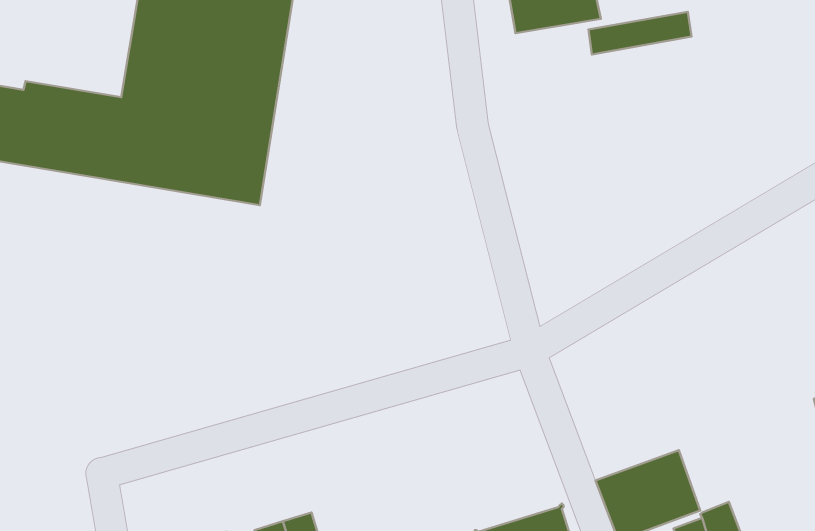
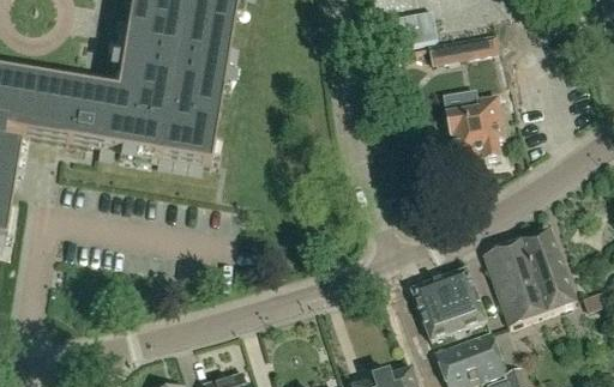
building: none -> [445,92,505,157]
building: none -> [483,229,574,323]
building: none -> [411,266,486,338]

